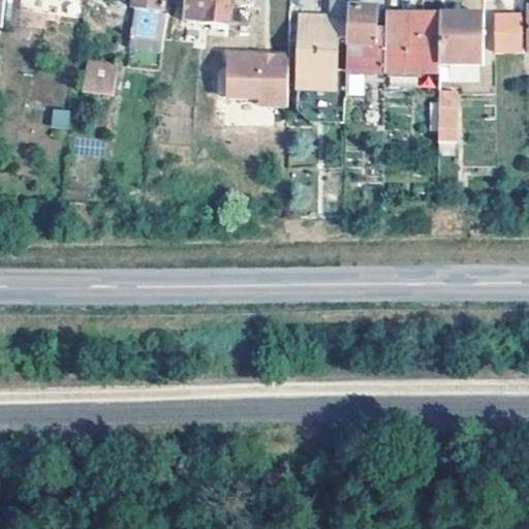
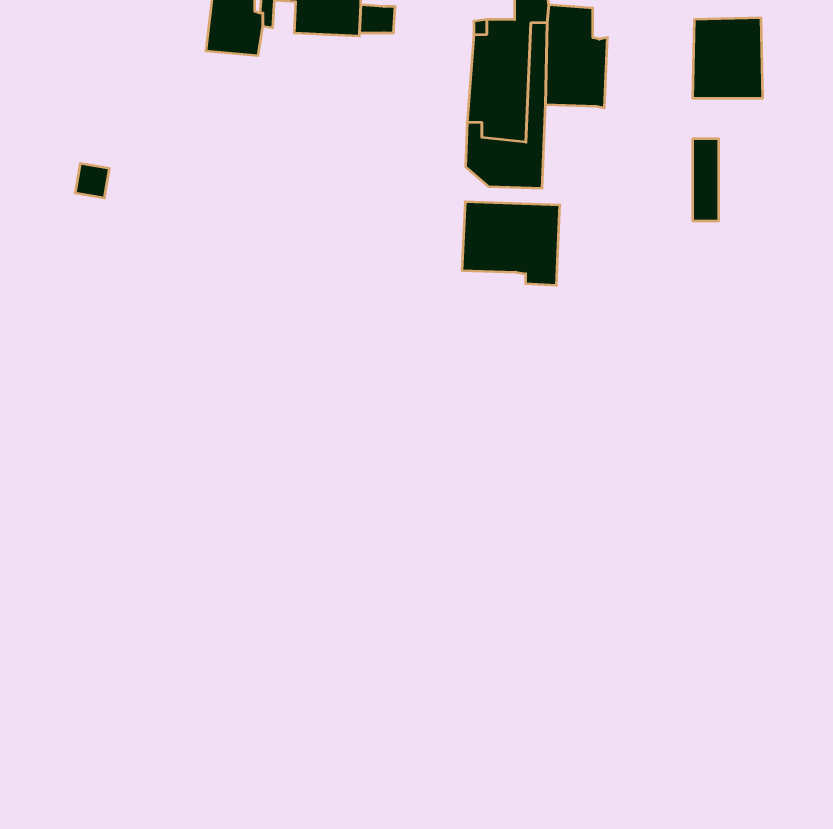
building: [493,10,522,48] -> none
building: [381,12,439,71] -> none
building: [225,52,287,104] -> [462,202,560,285]
building: [82,58,118,92] -> none

